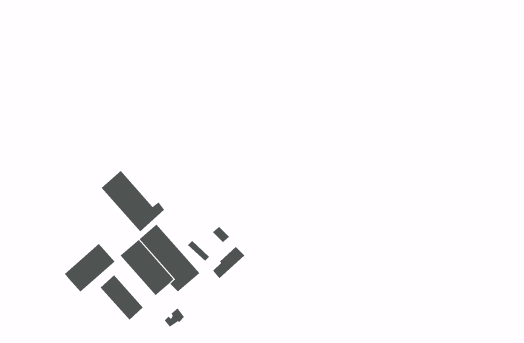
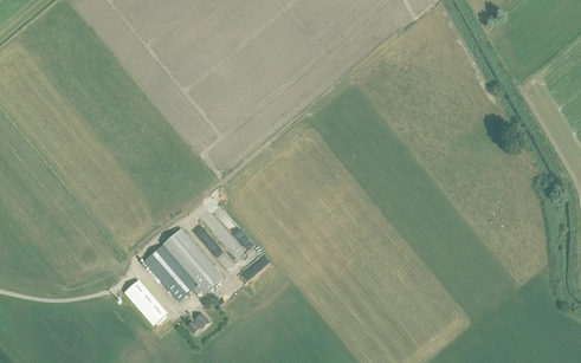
building: [101,170,165,232] -> none
building: [64,243,115,292] -> none

